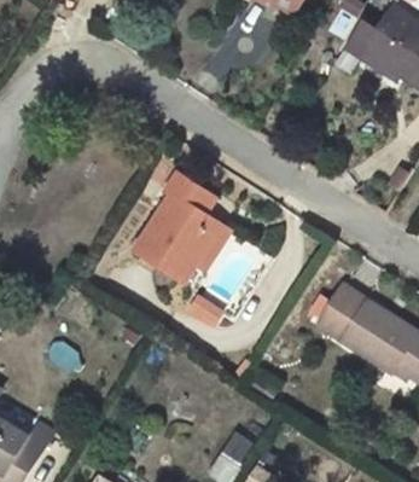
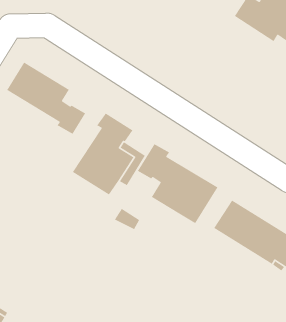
building: none -> [6,62,86,135]
building: none -> [137,143,219,224]

